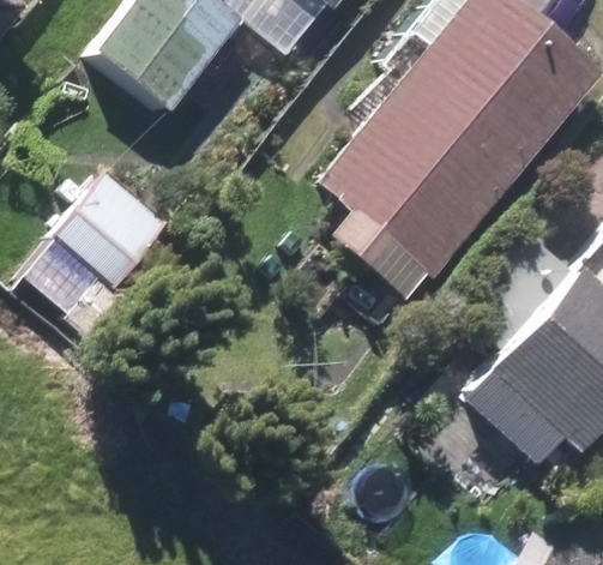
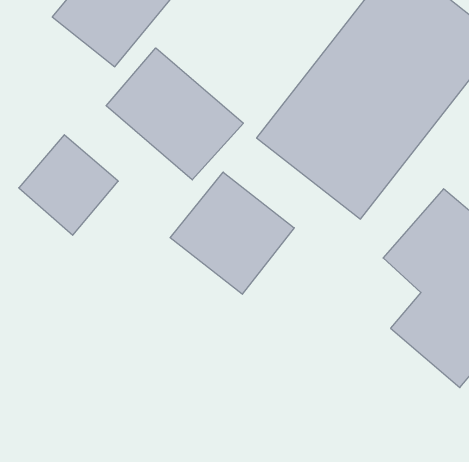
building: none -> [106,48,243,180]
building: none -> [170,172,294,294]

